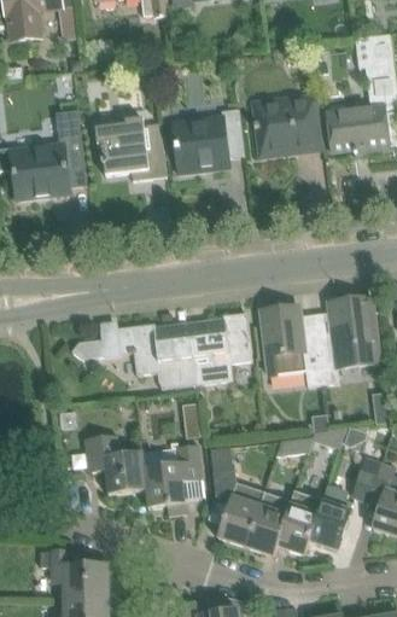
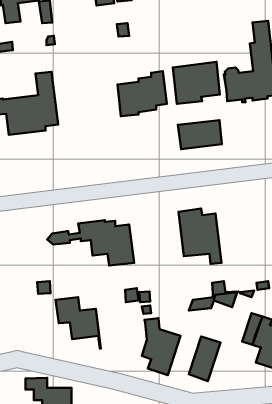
building: [94,116,165,180] -> none
building: none -> [178,120,222,149]
building: [314,297,379,384] -> none
building: [189,312,251,384] -> none
building: [141,444,204,514] -> none
building: [308,483,351,549] -> none
building: [245,489,291,554] -> none

